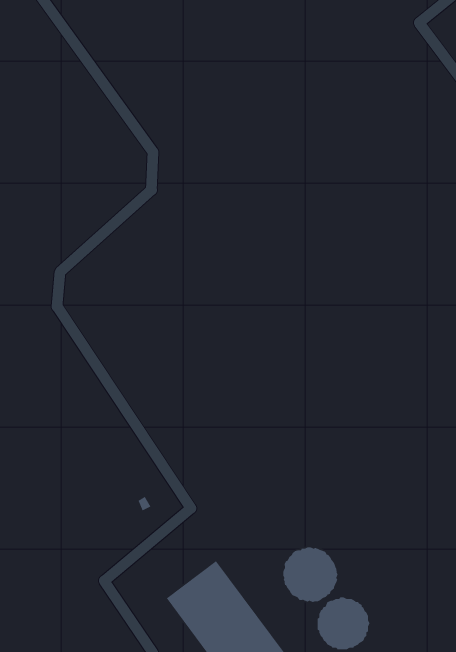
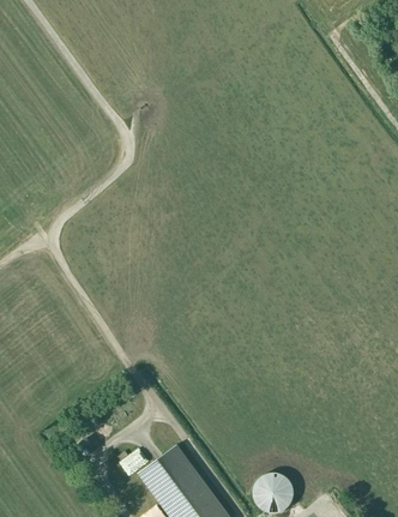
building: [282,547,338,603] -> none

